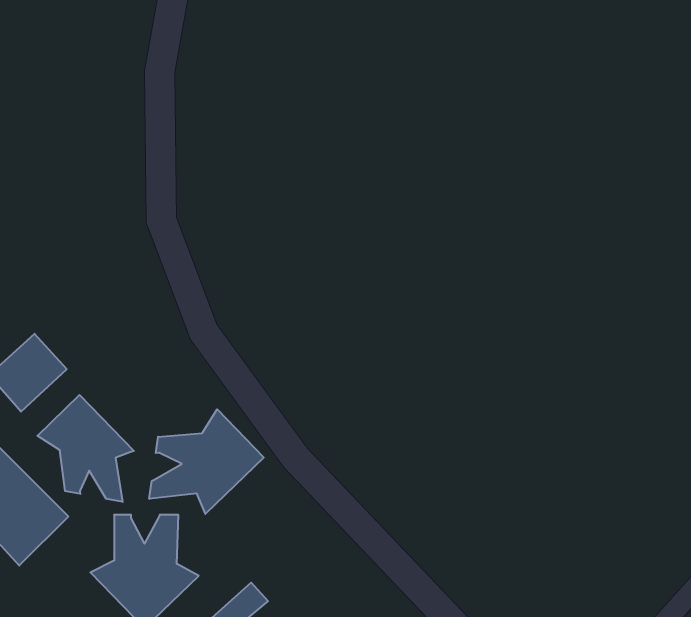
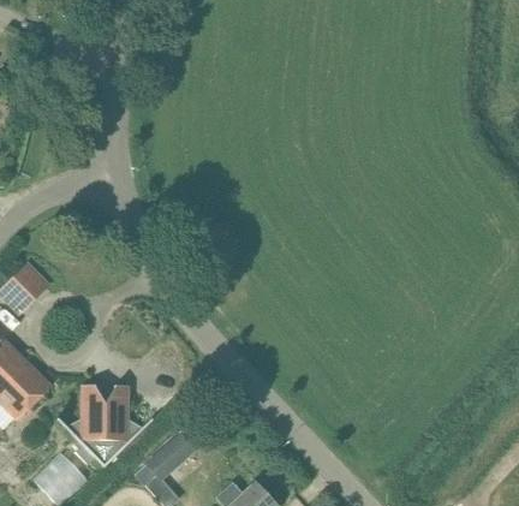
building: [37,395,134,502] -> none
building: [149,409,264,514] -> none

